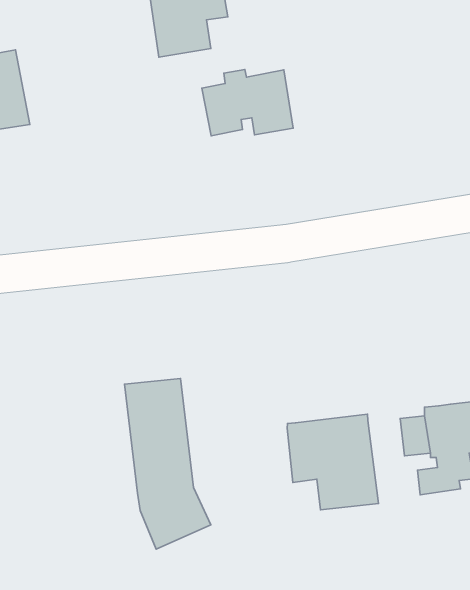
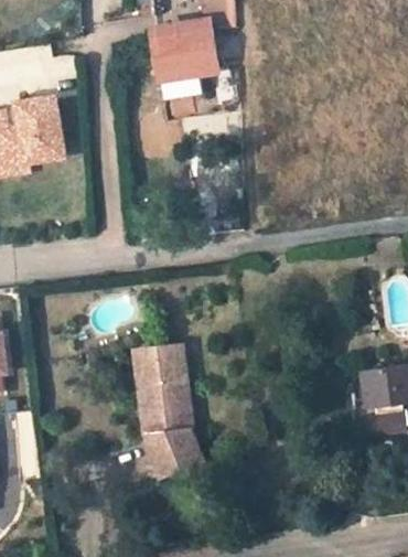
building: [202,69,293,136] -> none
building: [287,414,378,510] -> none

